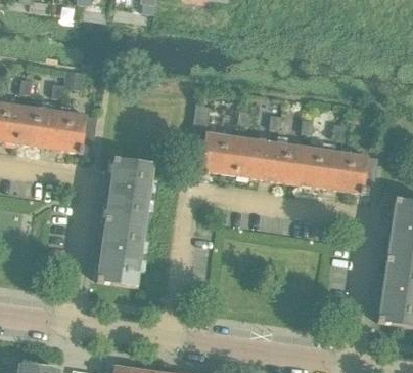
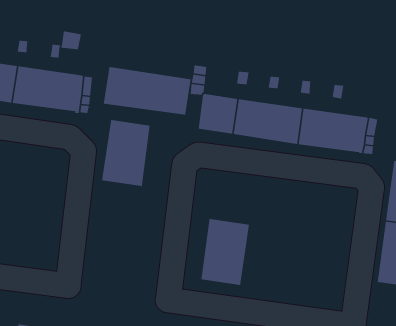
building: none -> [103,66,191,115]
building: [95,219,144,287] -> [201,218,250,286]

